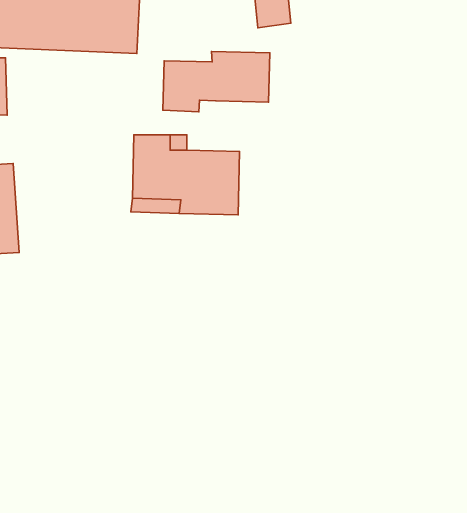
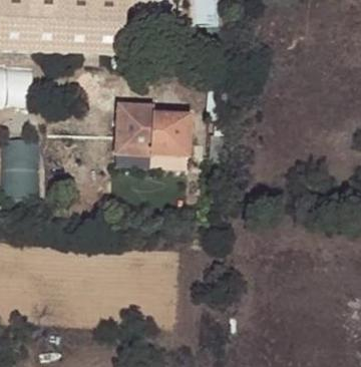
building: [163,51,270,112] -> none

